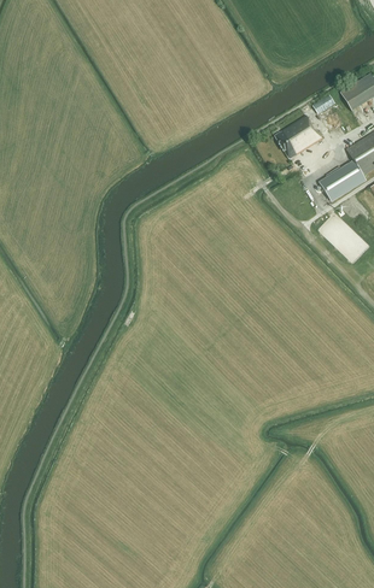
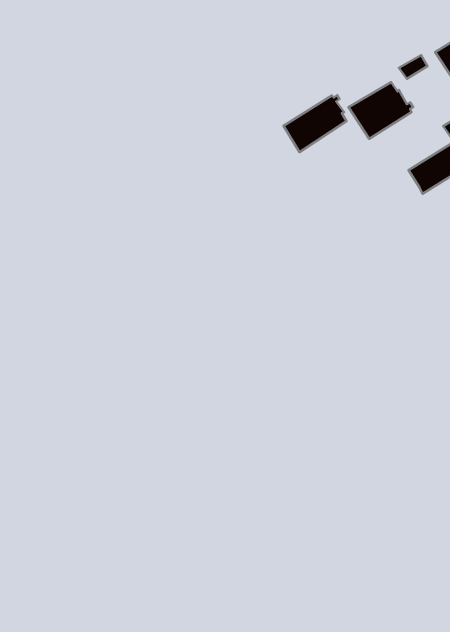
building: none -> [284,95,346,152]

